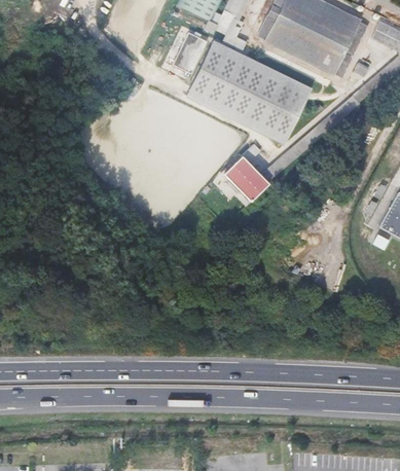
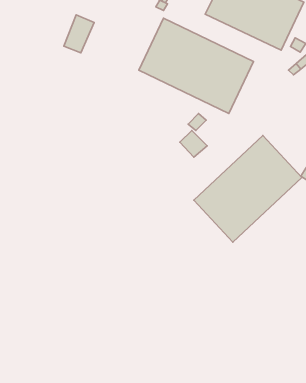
building: [172,31,205,72] -> [64,15,94,53]
building: none -> [194,135,302,242]

